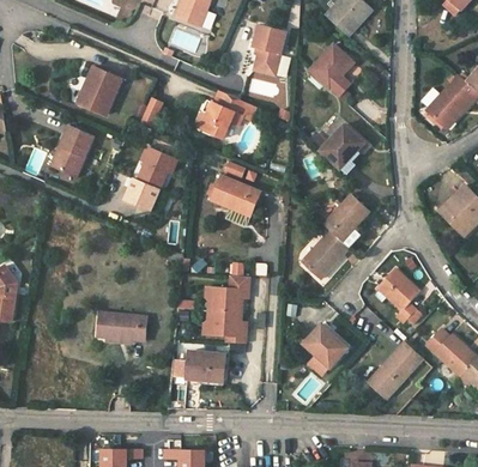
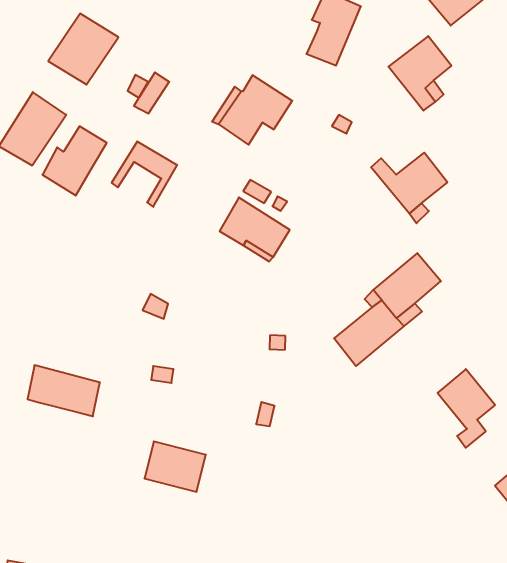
building: [125,162,165,210] -> [42,126,107,196]
building: [207,274,248,340] -> none
building: [305,322,350,365] -> none
building: [367,340,423,398] -> none

